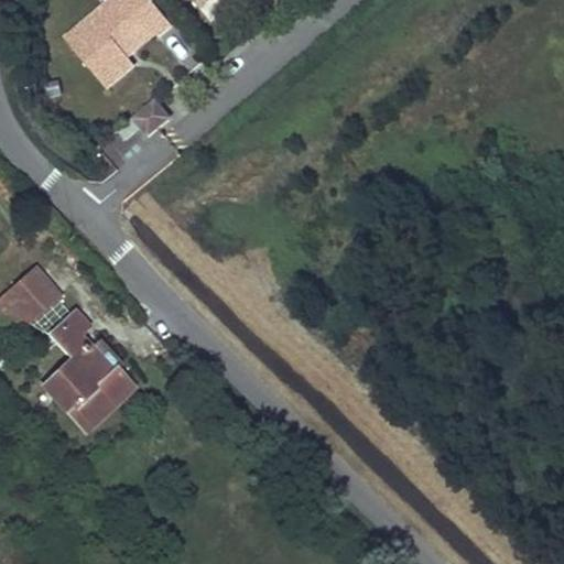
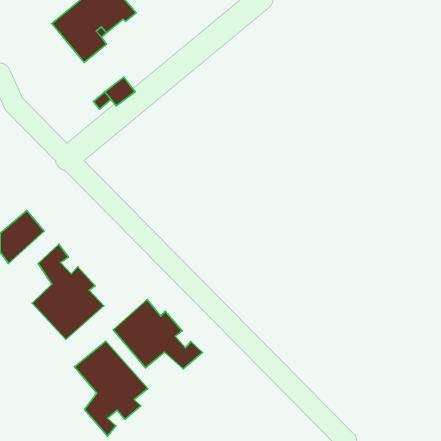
building: none -> [113,300,202,369]
building: none -> [75,341,148,436]

